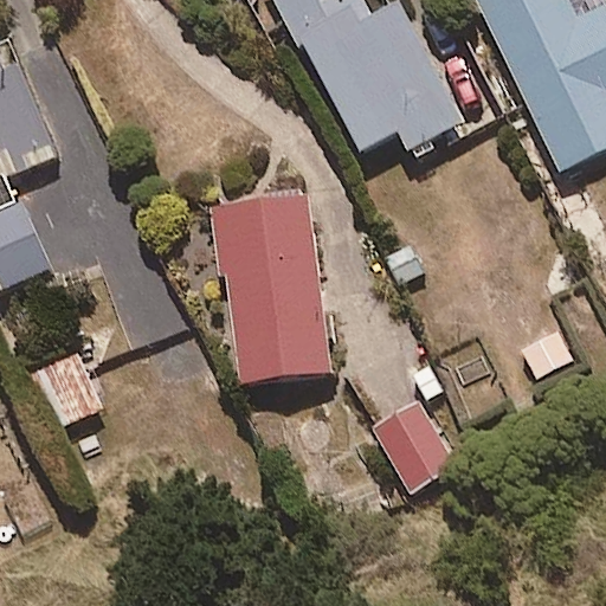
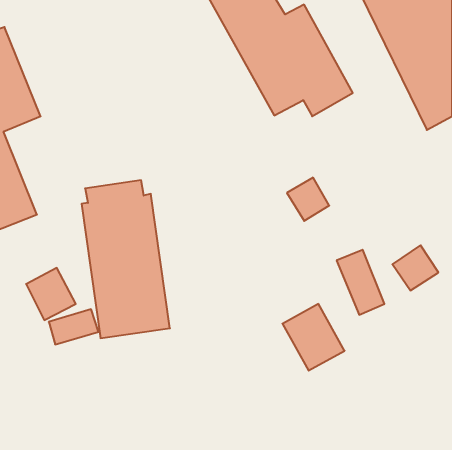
building: [214,178,330,385] -> [82,180,170,338]

